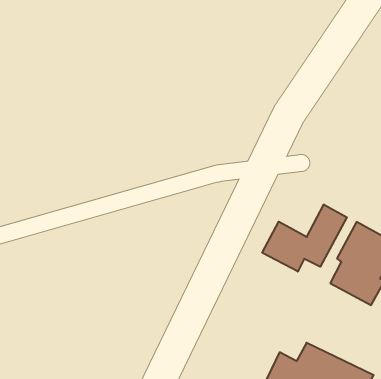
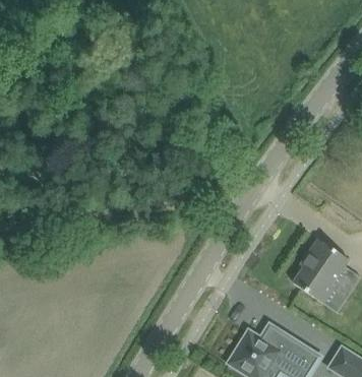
building: [262,204,347,272] -> none

